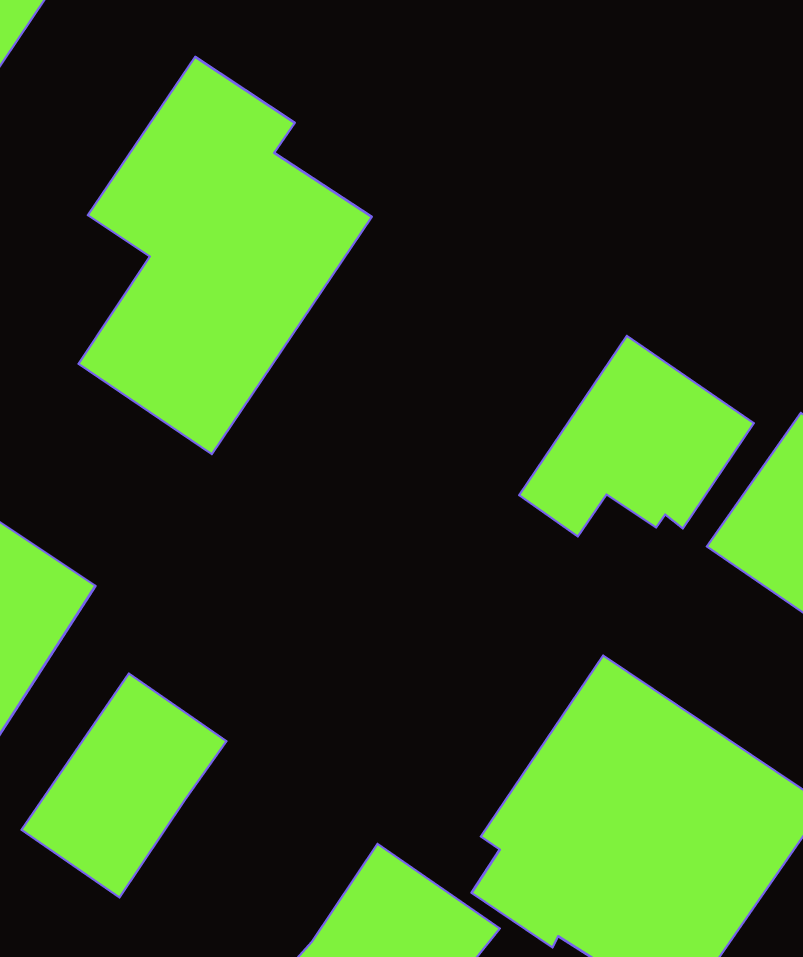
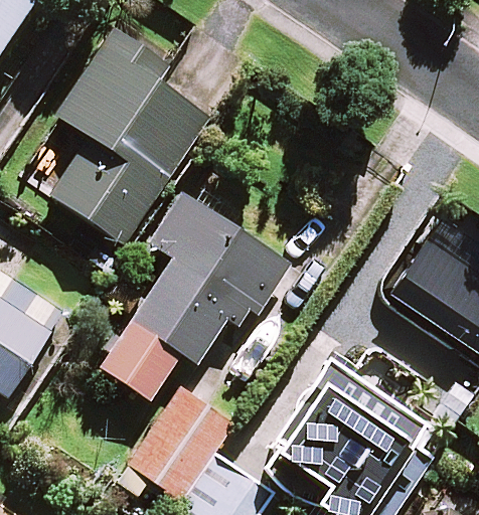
building: [519,336,754,536] -> none
building: none -> [100,192,287,400]
building: [22,673,227,897] -> [125,385,234,505]

